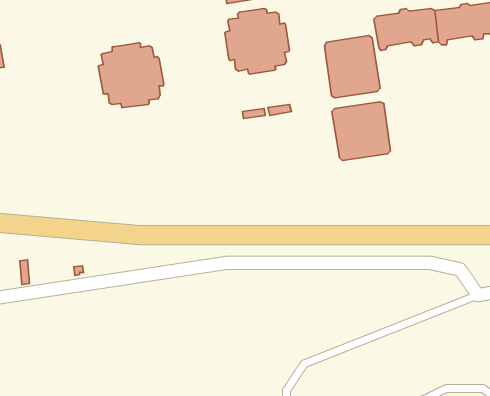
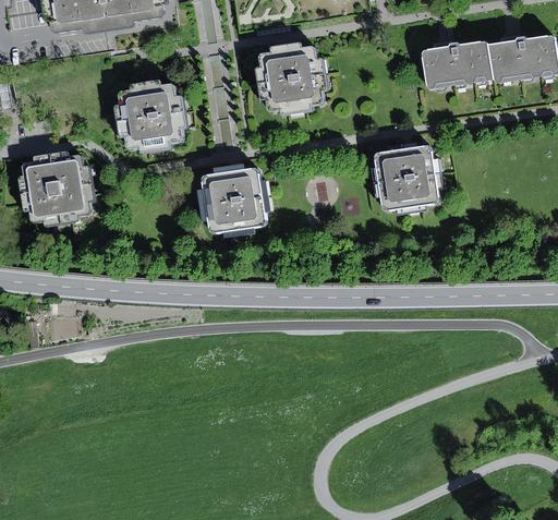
building: [325,36,380,98] -> none
building: none -> [21,150,93,222]
building: none -> [201,167,266,232]

